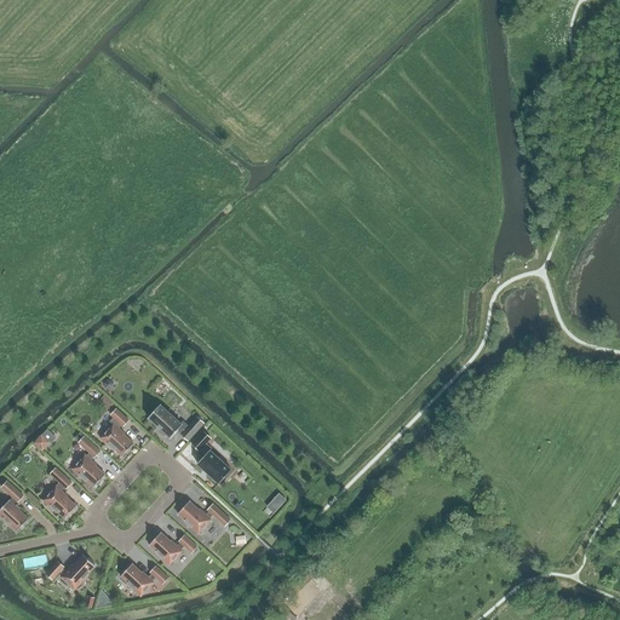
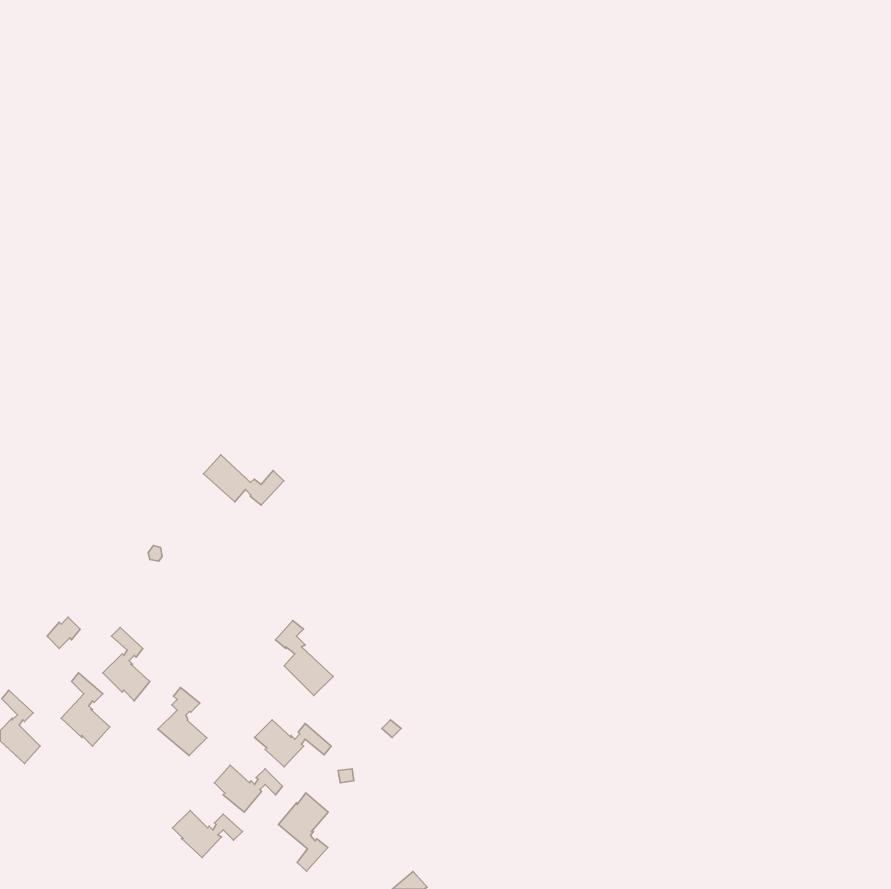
building: [148,404,203,440] -> [204,455,284,505]
building: [99,408,133,455] -> [158,687,207,755]
building: none -> [279,793,328,871]
building: [46,553,96,590] -> none

